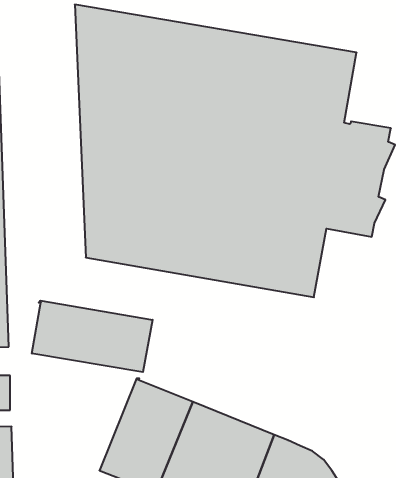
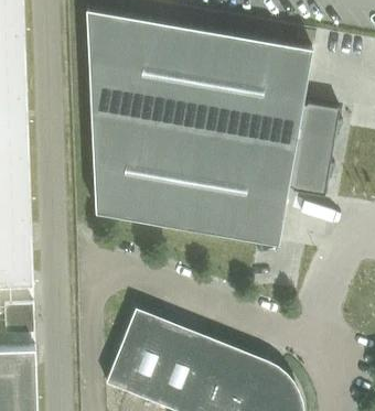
building: [32,301,153,372] -> none

